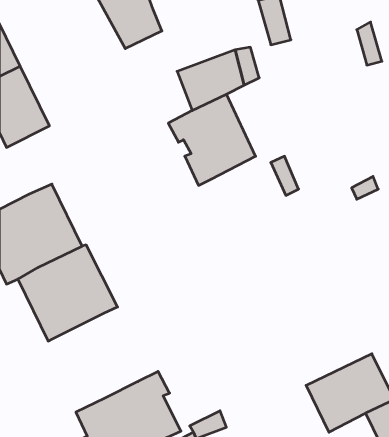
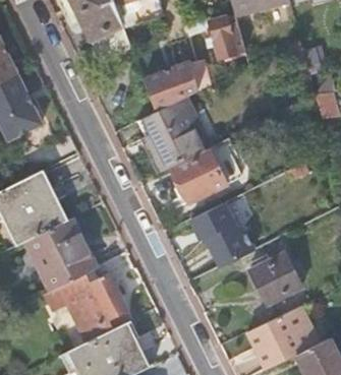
building: none -> [171,146,226,201]
building: none -> [190,203,254,267]
building: none -> [248,252,301,305]
building: none -> [44,273,131,340]

